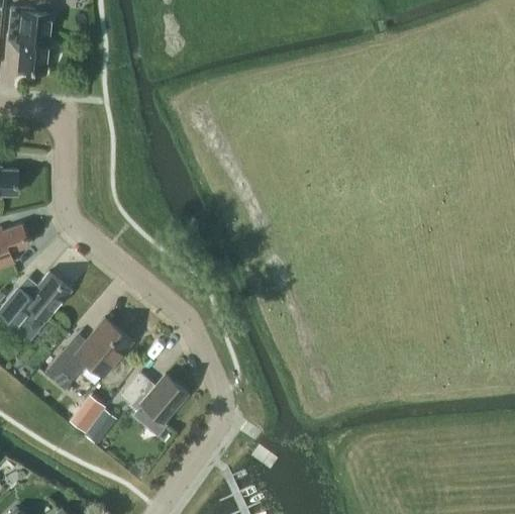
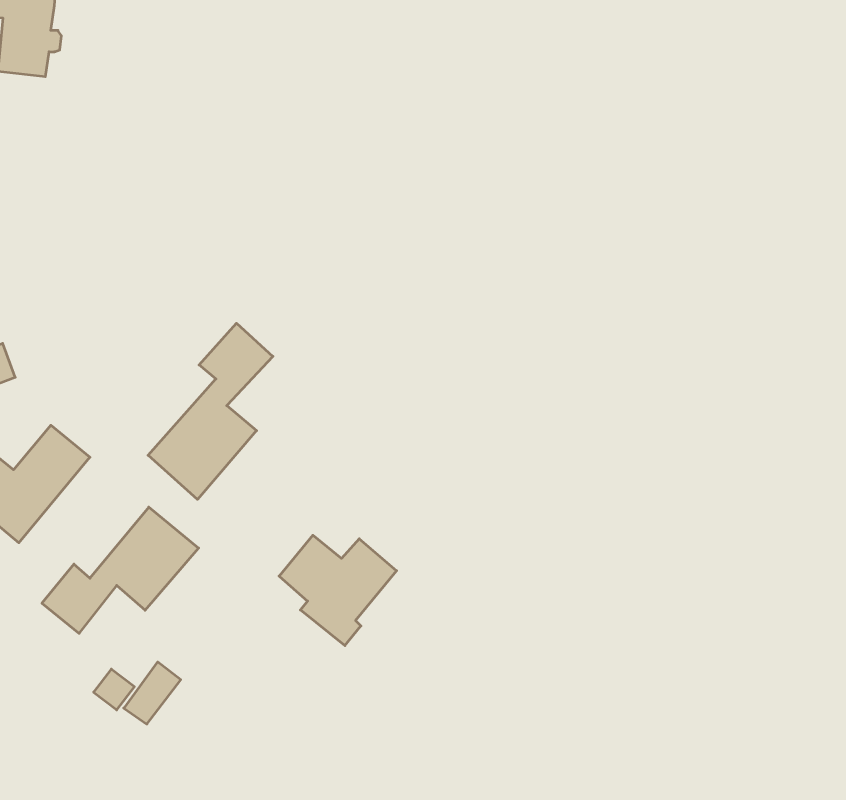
building: none -> [148,323,273,499]
building: [120,373,187,435] -> [279,535,397,646]

